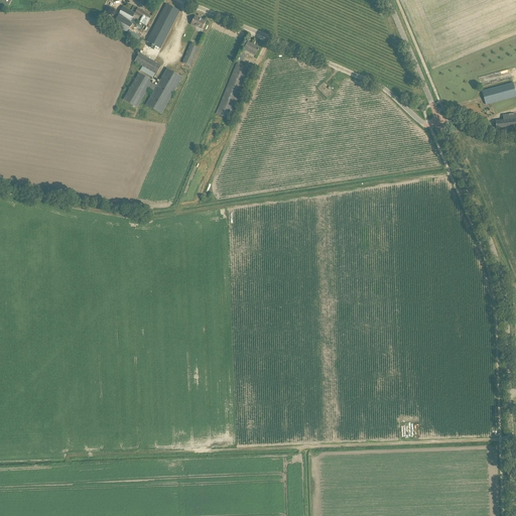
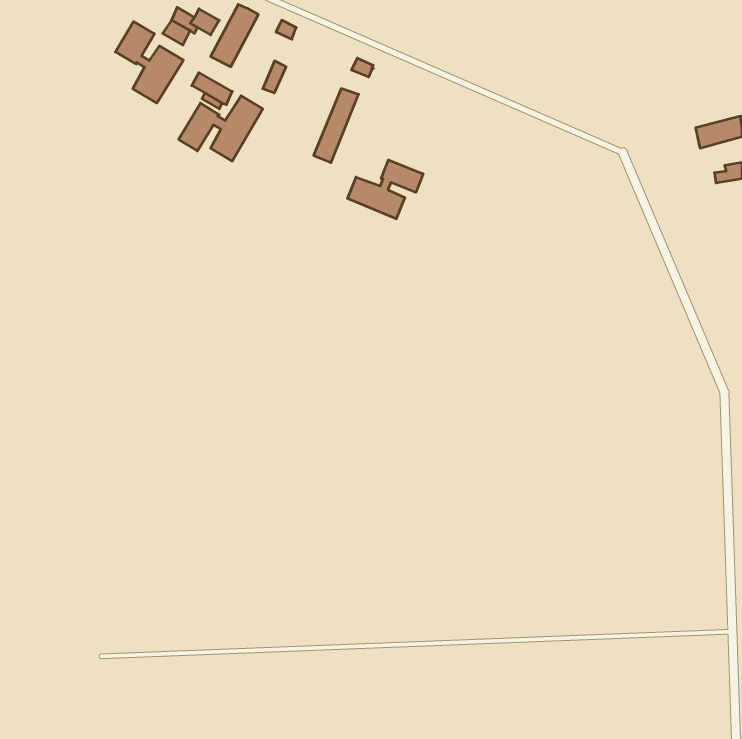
building: none -> [115,22,183,103]
building: none -> [347,160,423,219]

